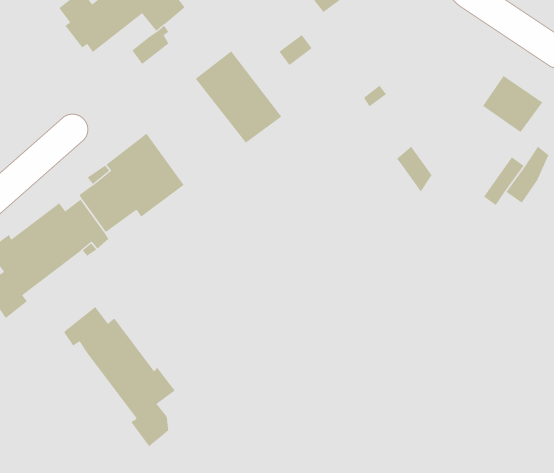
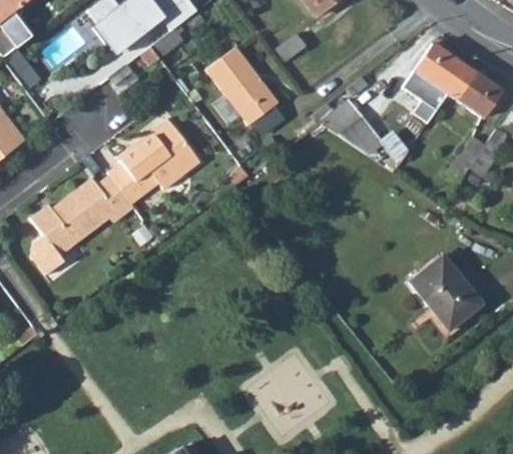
building: none -> [403,44,468,111]
building: none -> [321,100,380,152]
building: none -> [415,256,486,331]
building: [64,306,176,447] -> none

